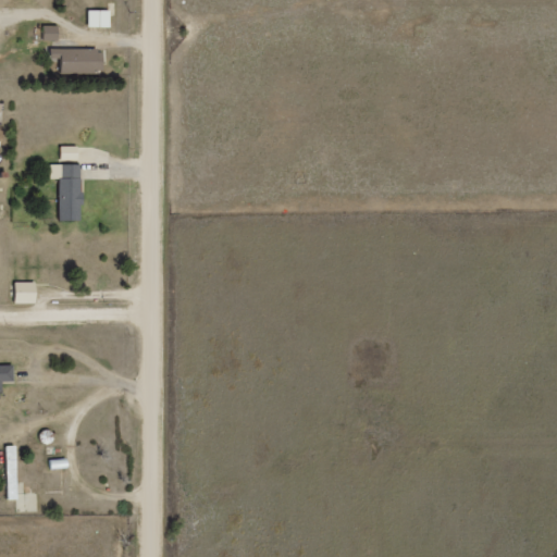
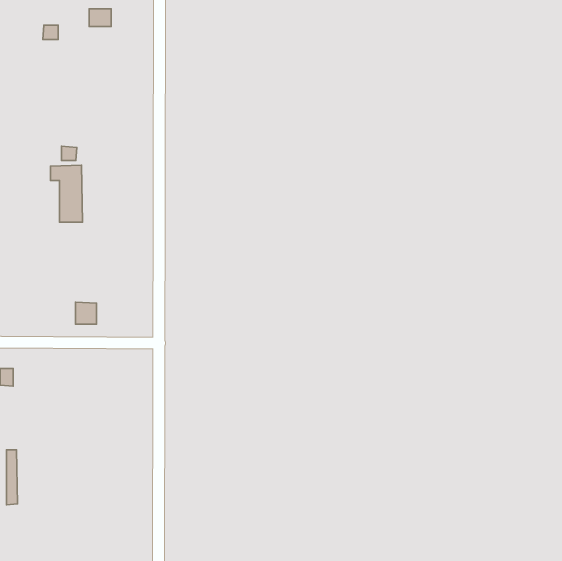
building: [49,48,102,72] -> none
building: [14,282,35,304] -> [75,302,96,324]

